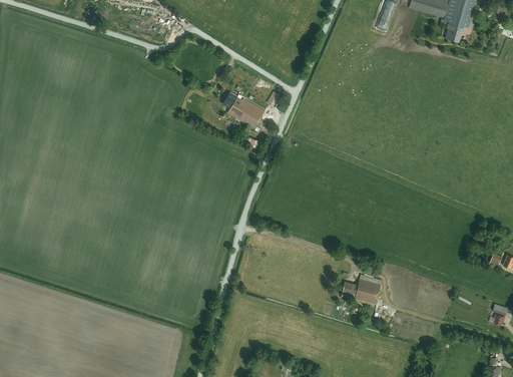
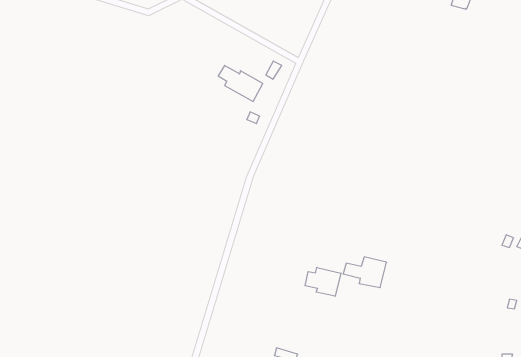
building: none -> [305,267,341,296]

